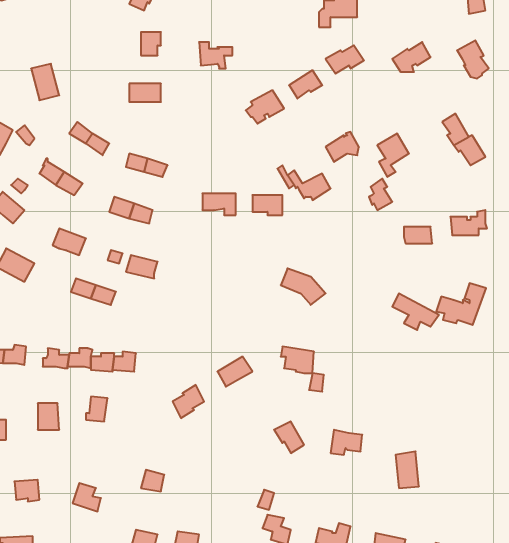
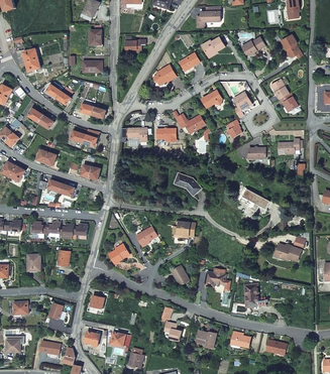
building: [436,283,486,325] -> [274,236,305,261]

